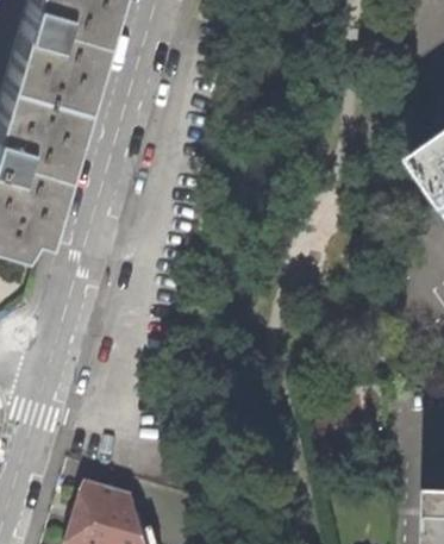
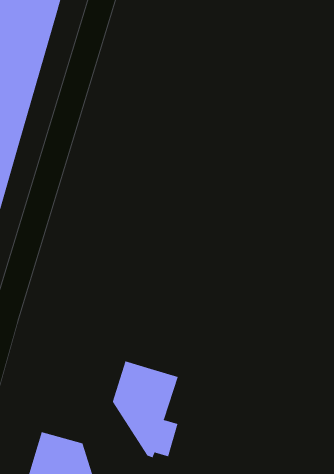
building: none -> [112,360,179,458]

